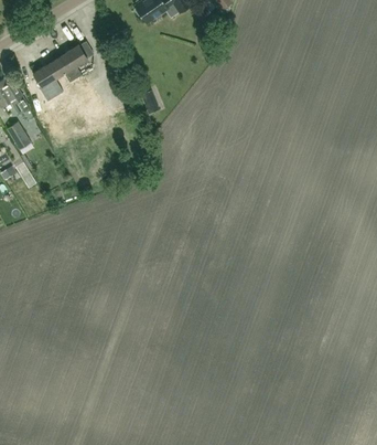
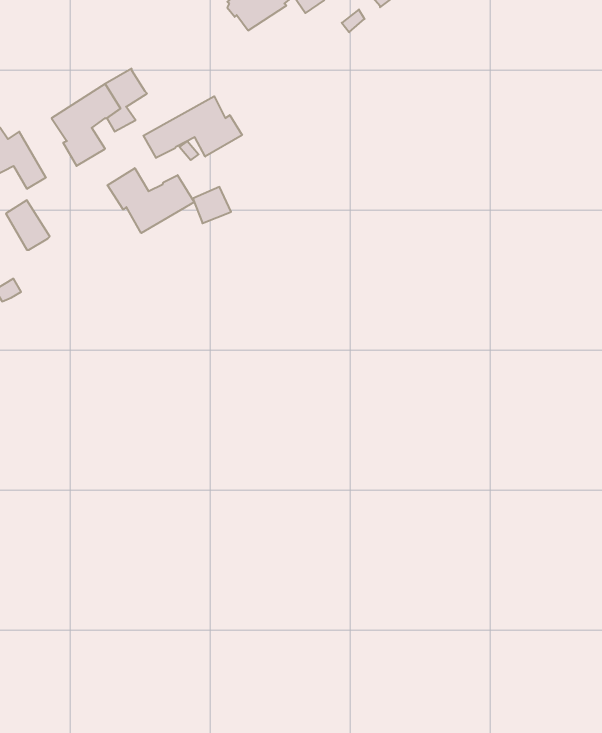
building: none -> [143,96,242,158]
building: none -> [107,168,194,233]

